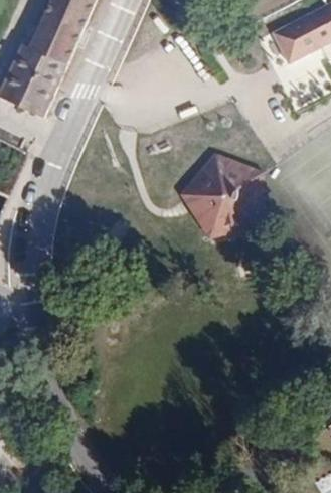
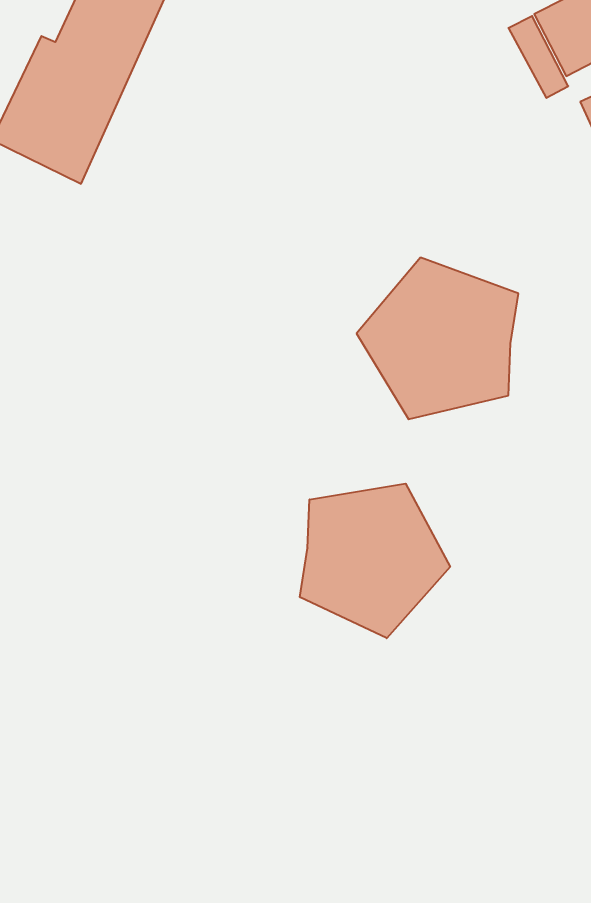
building: none -> [300,484,450,638]

